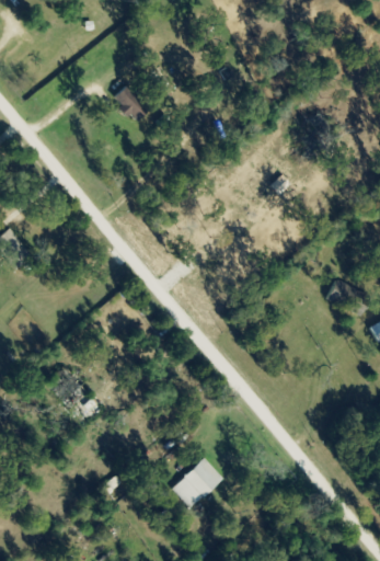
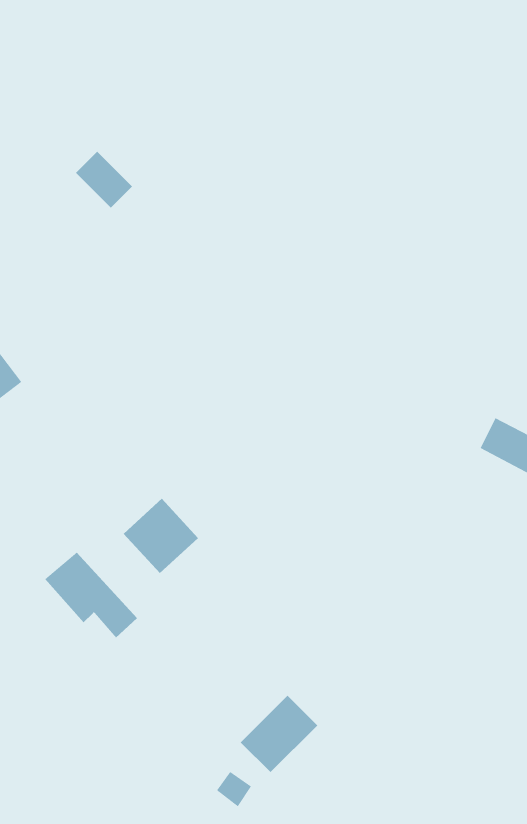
building: [112,85,149,123] -> [75,151,133,209]
building: none -> [123,498,199,574]

